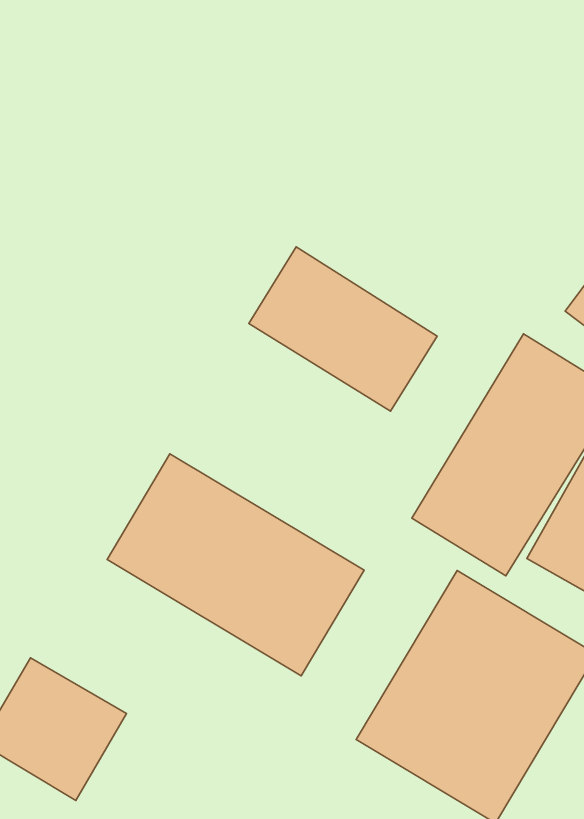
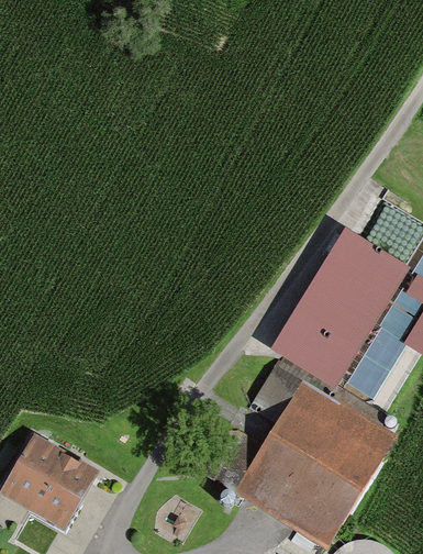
building: [249,247,437,411] -> none
building: [107,454,364,676] -> none

